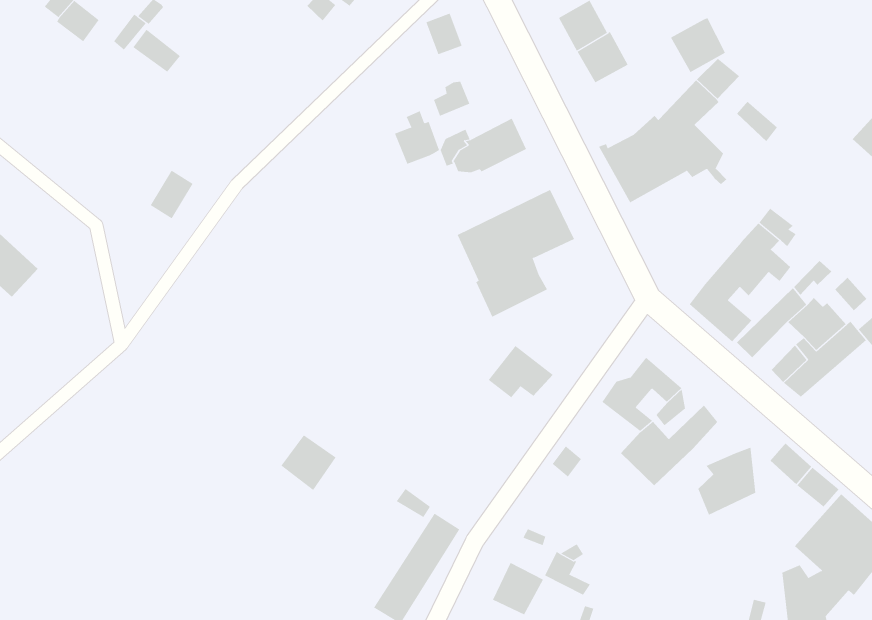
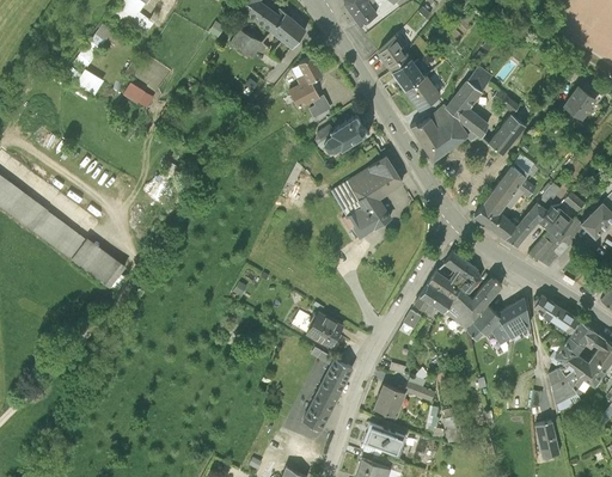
building: [670,17,726,73] -> [405,75,440,110]
building: [394,110,440,164] -> [290,75,319,109]
building: none -> [488,116,525,154]
building: none -> [72,240,123,287]
building: [488,345,554,398] -> [415,282,454,314]
building: [280,434,337,491] -> [307,313,341,347]
building: none -> [466,305,501,338]

